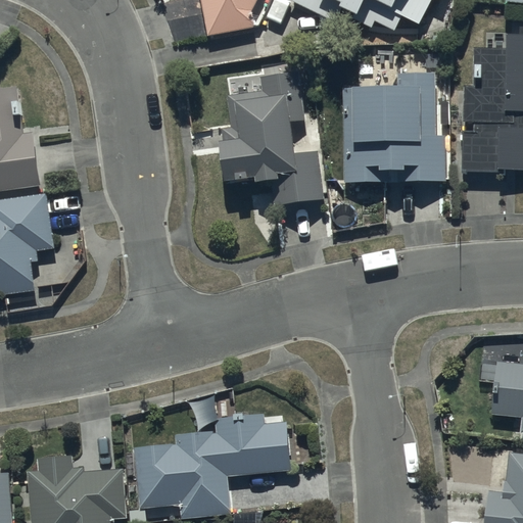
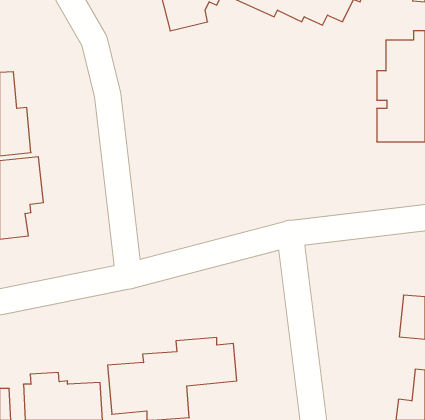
building: [219,72,324,206] -> none
building: [342,74,448,184] -> none

